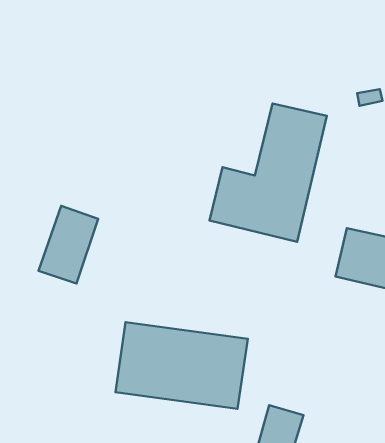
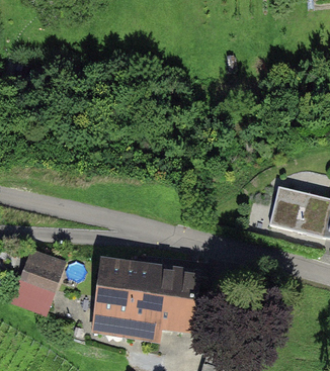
building: [209,103,327,242] -> none
building: [38,206,98,284] -> [14,248,62,309]

